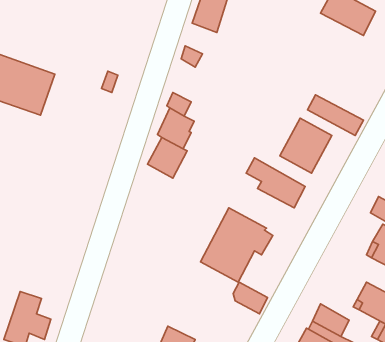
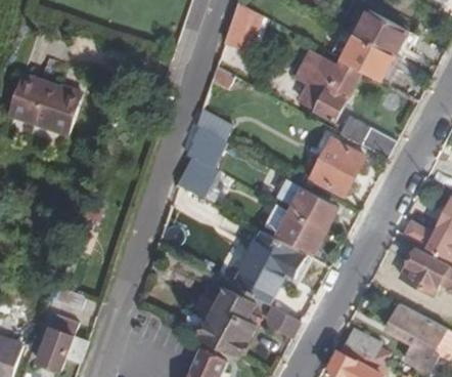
building: none -> [340,34,395,81]
building: none -> [292,48,364,121]
building: none -> [272,210,325,254]
building: none -> [198,287,257,358]

